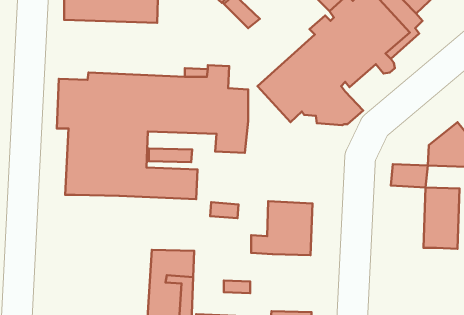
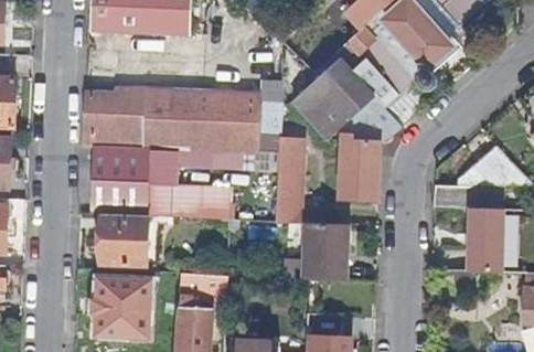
building: none -> [338,131,381,199]
building: none -> [277,138,323,223]
building: none -> [100,215,148,266]
building: none -> [94,280,148,335]

